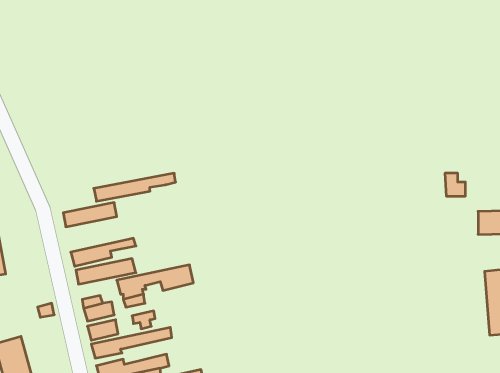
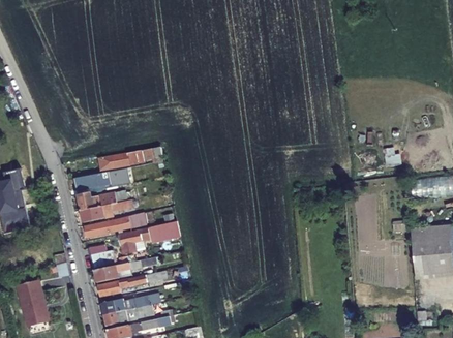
building: none -> [77,190,126,211]

